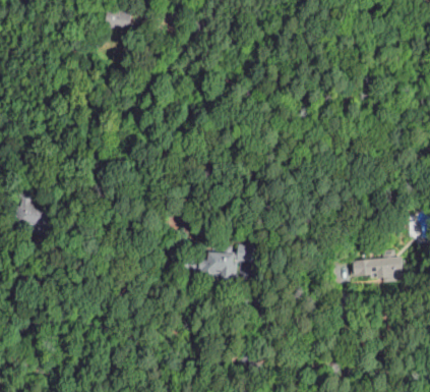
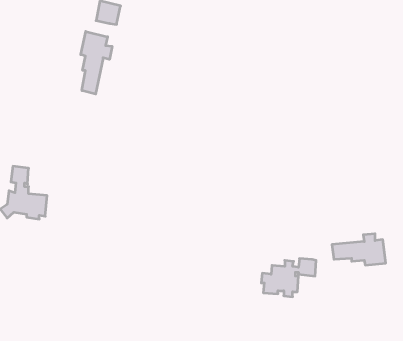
building: none -> [81,31,112,94]
building: [198,244,255,284] -> [261,259,316,297]

